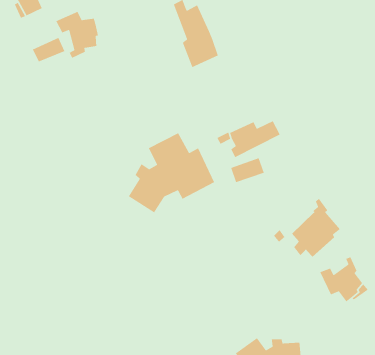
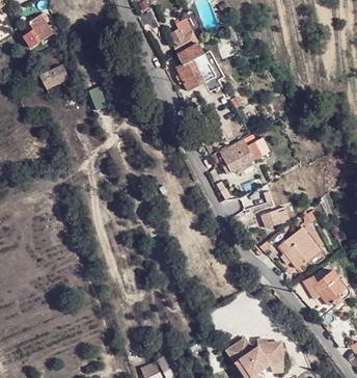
building: [55,11,99,59] -> none
building: [128,132,215,213] -> none
building: [230,157,265,183] -> [262,203,294,226]

